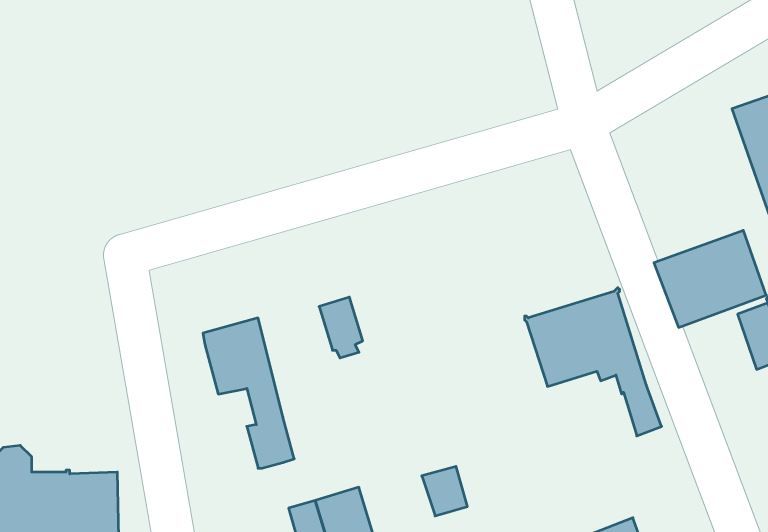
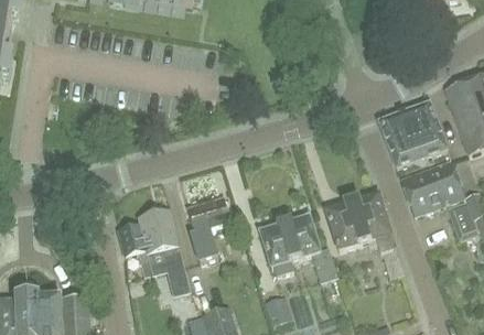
building: none -> [377,99,445,165]
building: none -> [186,201,216,260]
building: none -> [258,213,335,280]
building: none -> [117,223,150,272]

